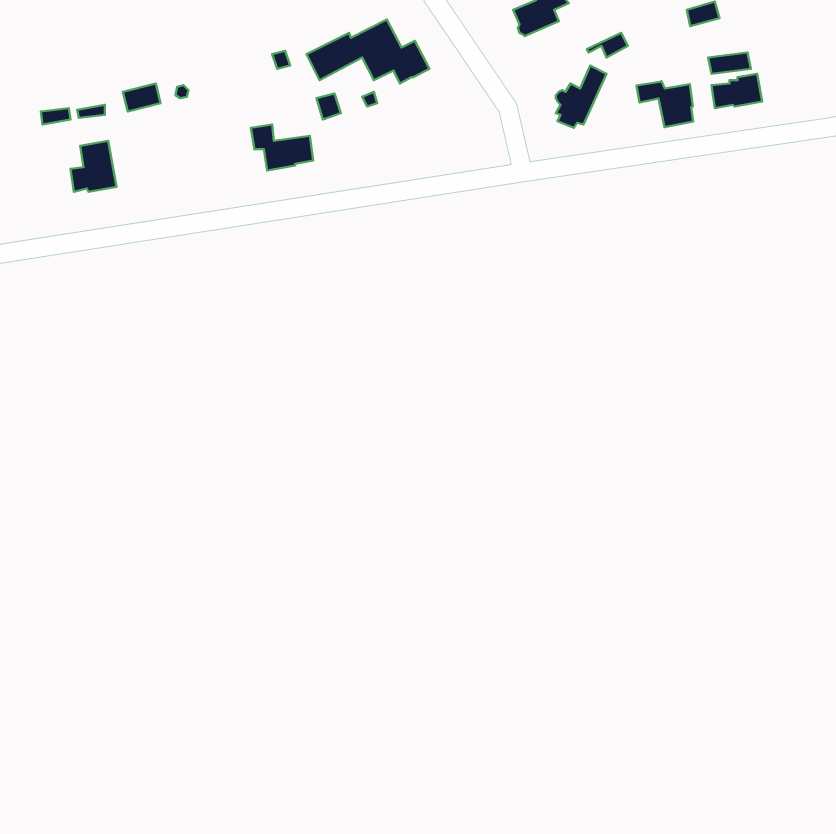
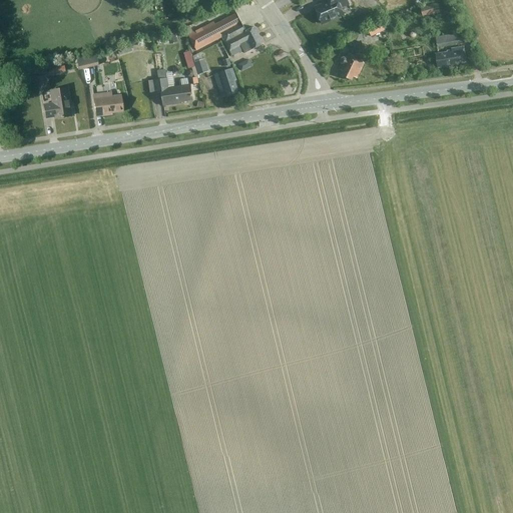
building: [637,81,693,127] -> none
building: none -> [213,67,237,95]
building: none -> [92,91,122,115]

